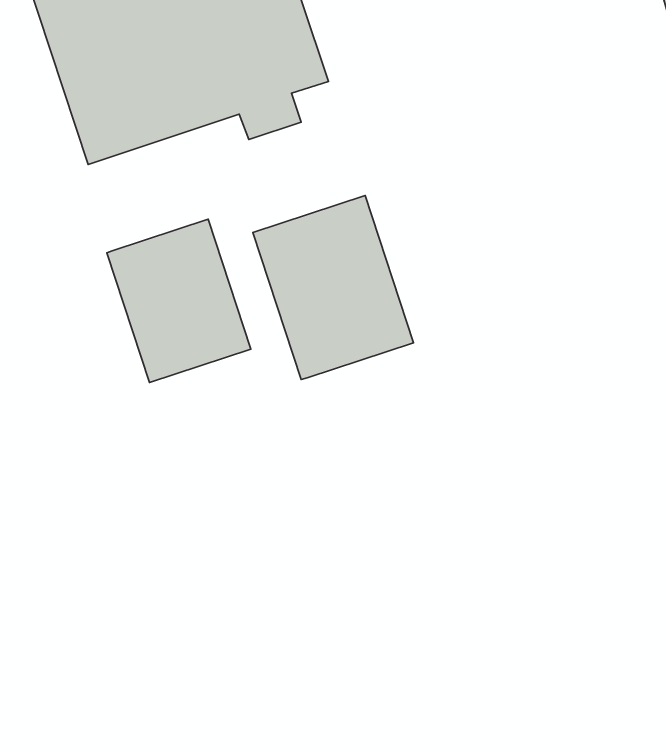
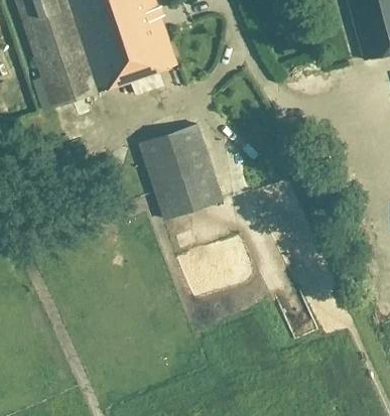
building: [107,219,251,383] -> none

